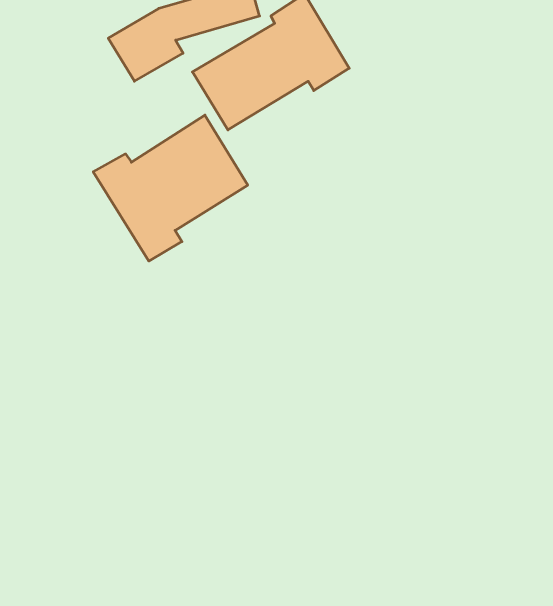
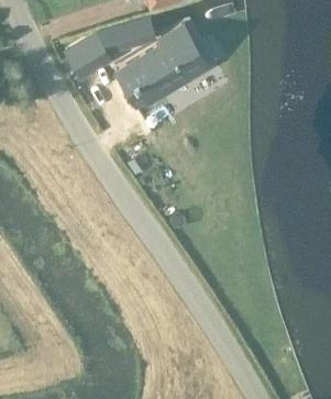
building: [93,115,248,261] -> none

